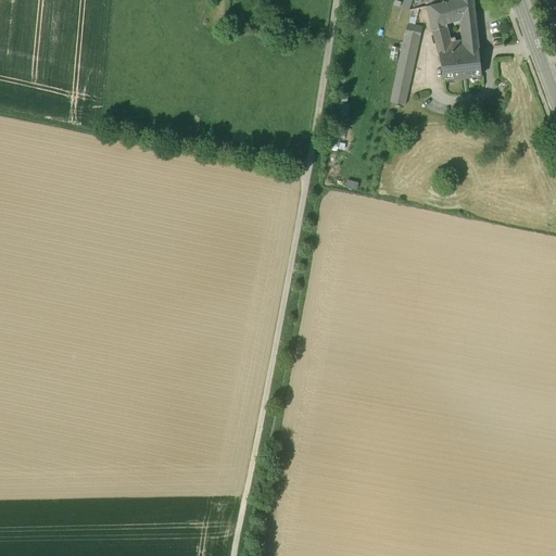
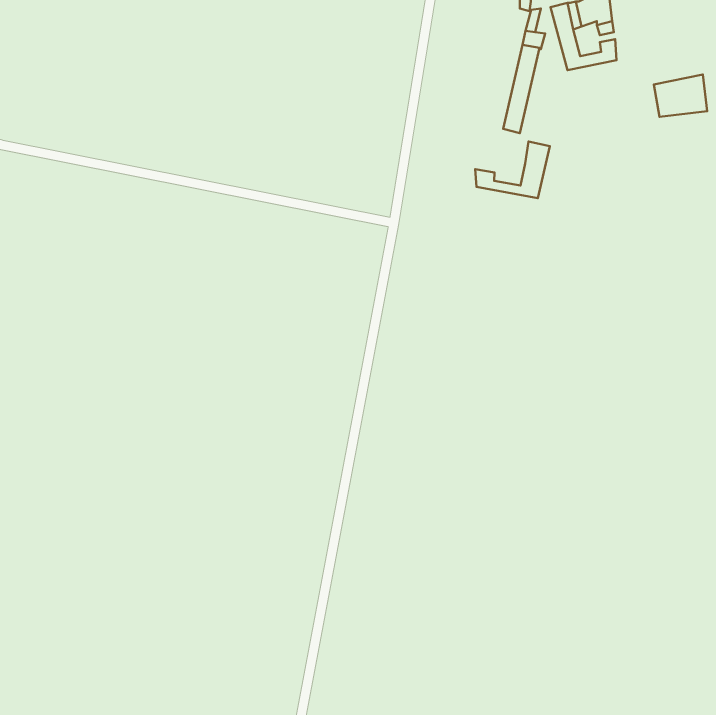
building: [440,47,481,79] -> [654,75,707,117]
building: none -> [475,141,550,198]

